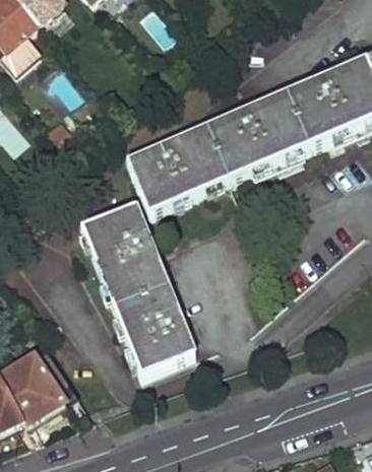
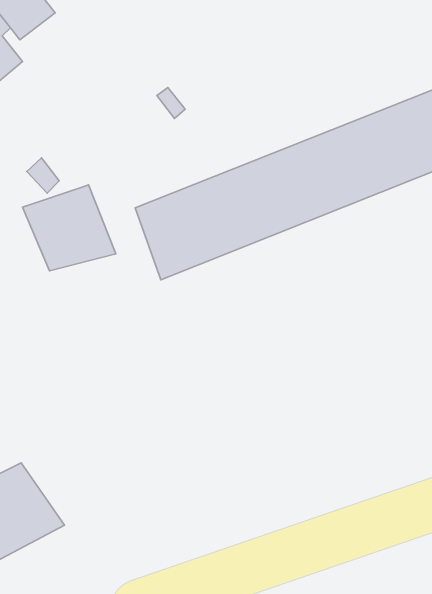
building: none -> [23,185,116,271]
building: [84,206,196,376] -> none

